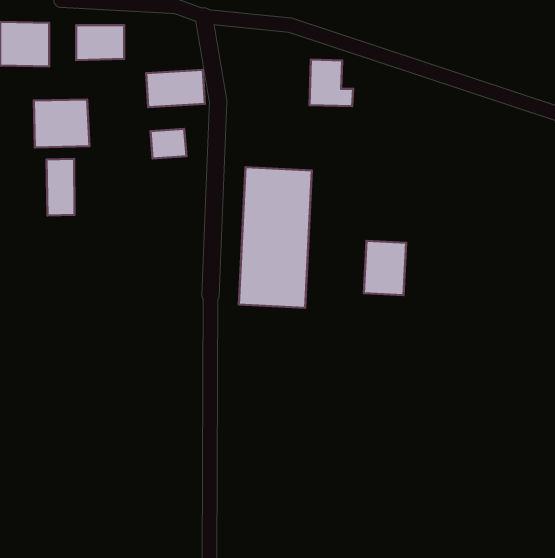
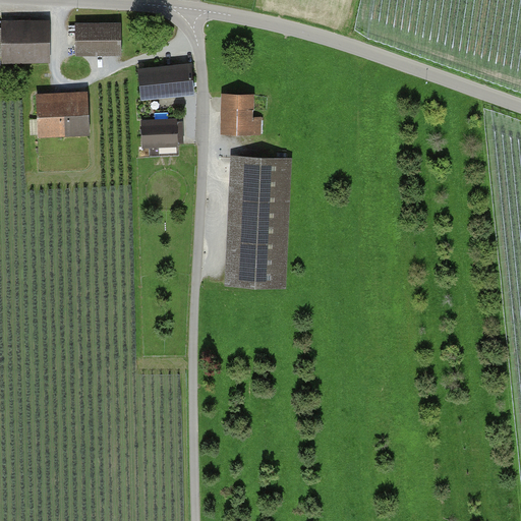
building: [310,59,353,106] -> [223,92,264,135]
building: [47,159,74,215] -> none
building: [364,241,406,295] -> none

